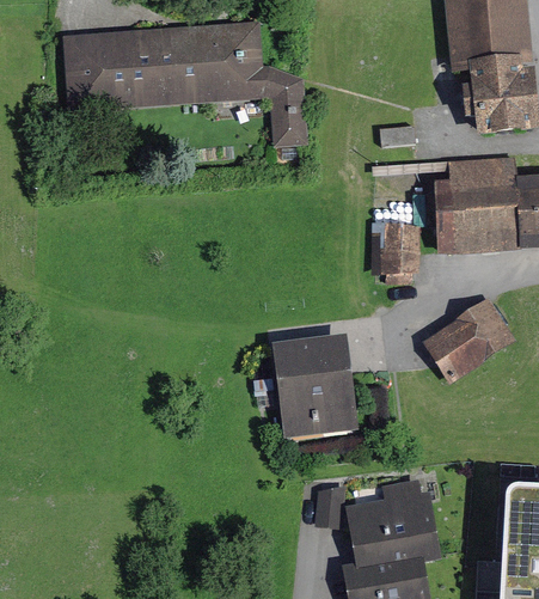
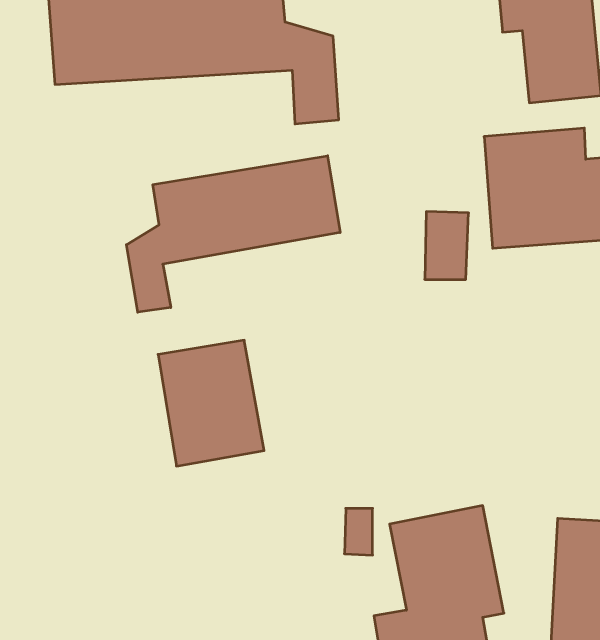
building: none -> [126,156,340,312]
building: [422,294,516,381] -> none
building: [265,335,355,441] -> [158,340,264,466]

